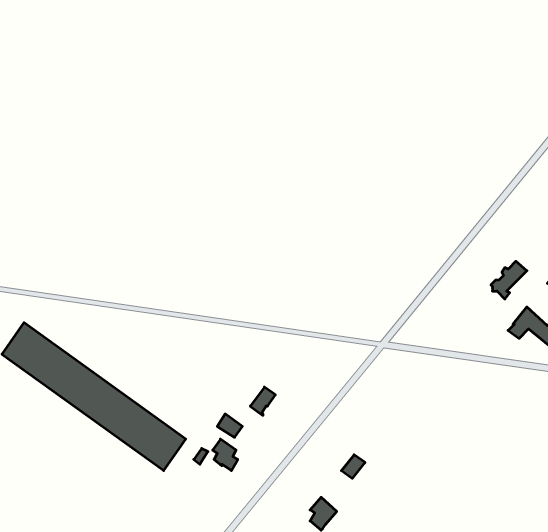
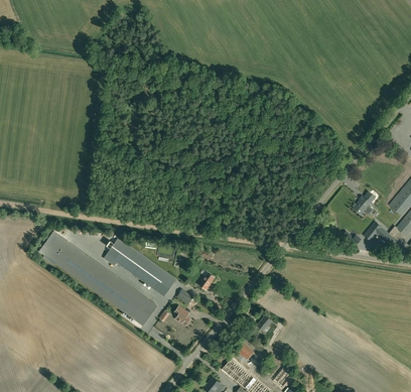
building: none -> [106,238,176,297]

